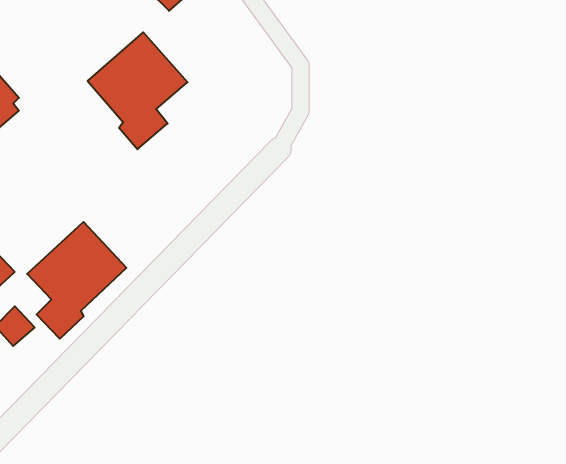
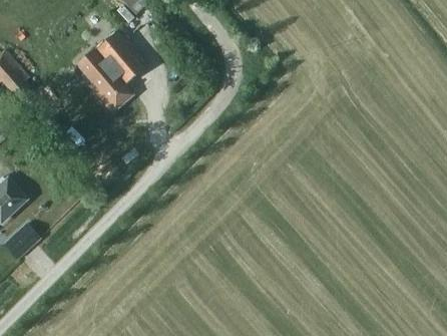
building: [27,222,126,339] -> none

